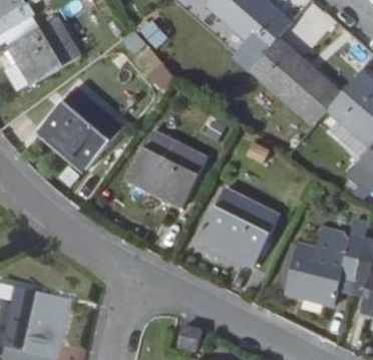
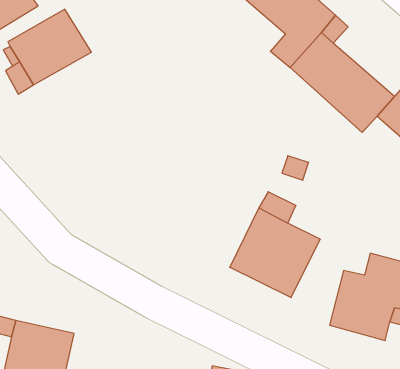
building: [40,87,122,169] -> none
building: [128,132,206,208] -> none

